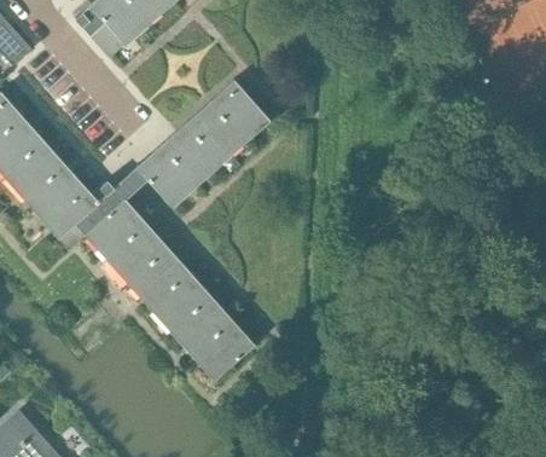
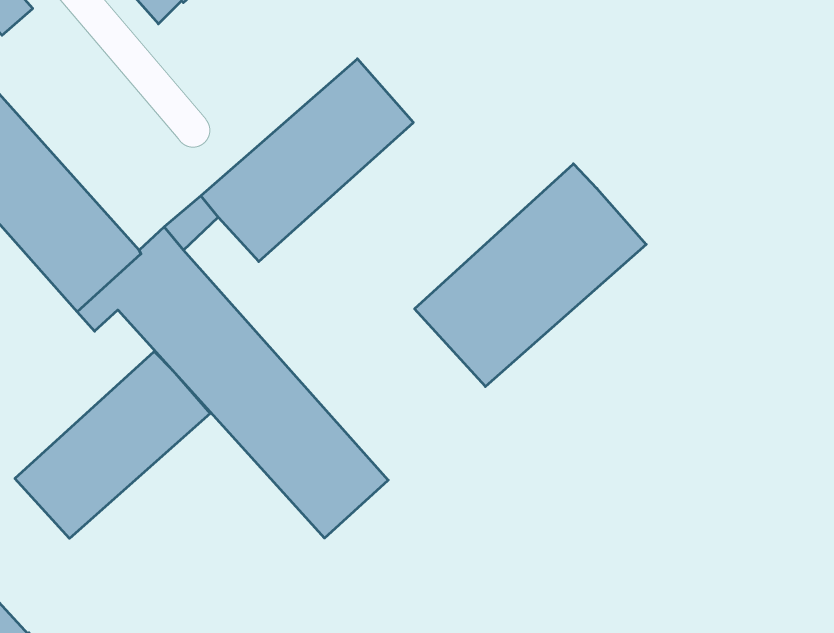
building: none -> [415,164,646,387]
building: none -> [15,351,210,538]

